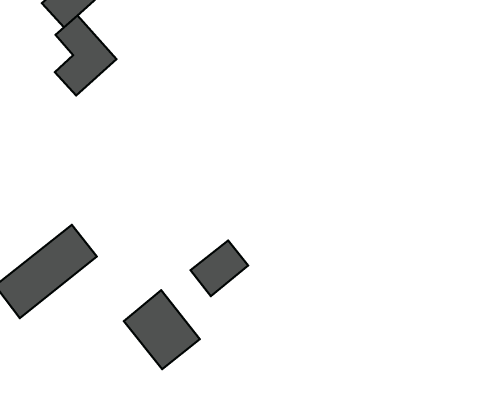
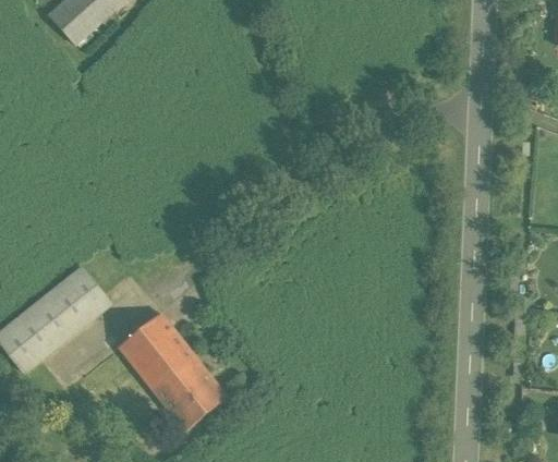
building: [55,16,117,96] -> none
building: [191,240,248,296] -> [118,313,183,376]

